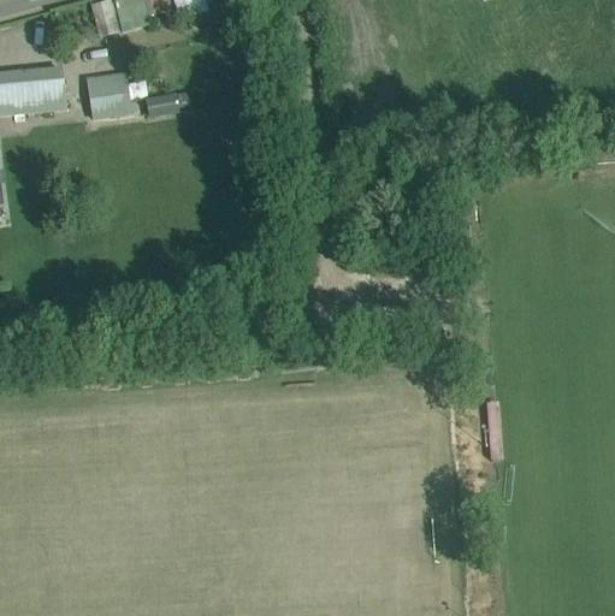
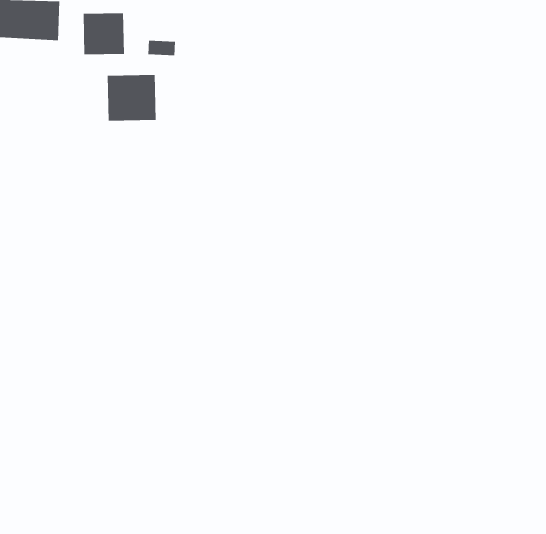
building: none -> [107,74,156,121]

